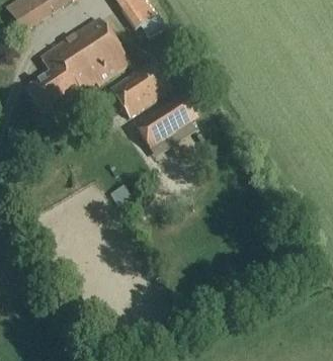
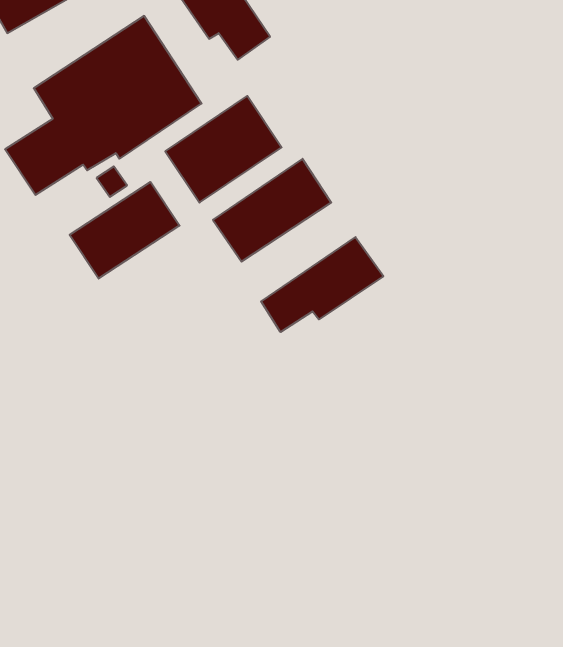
building: none -> [70,182,180,279]
building: none -> [261,237,383,332]

